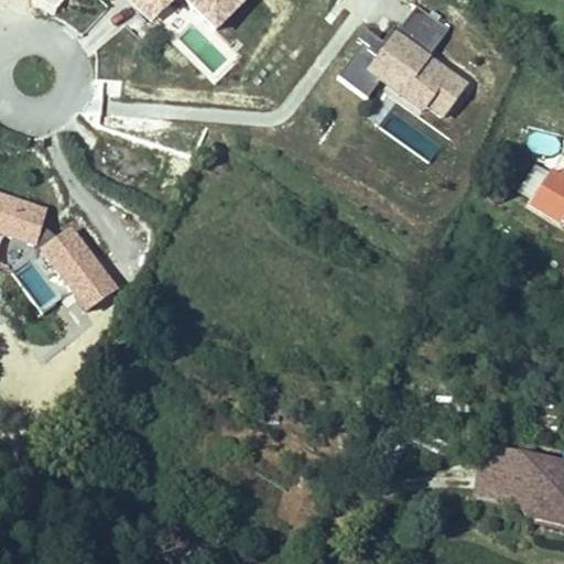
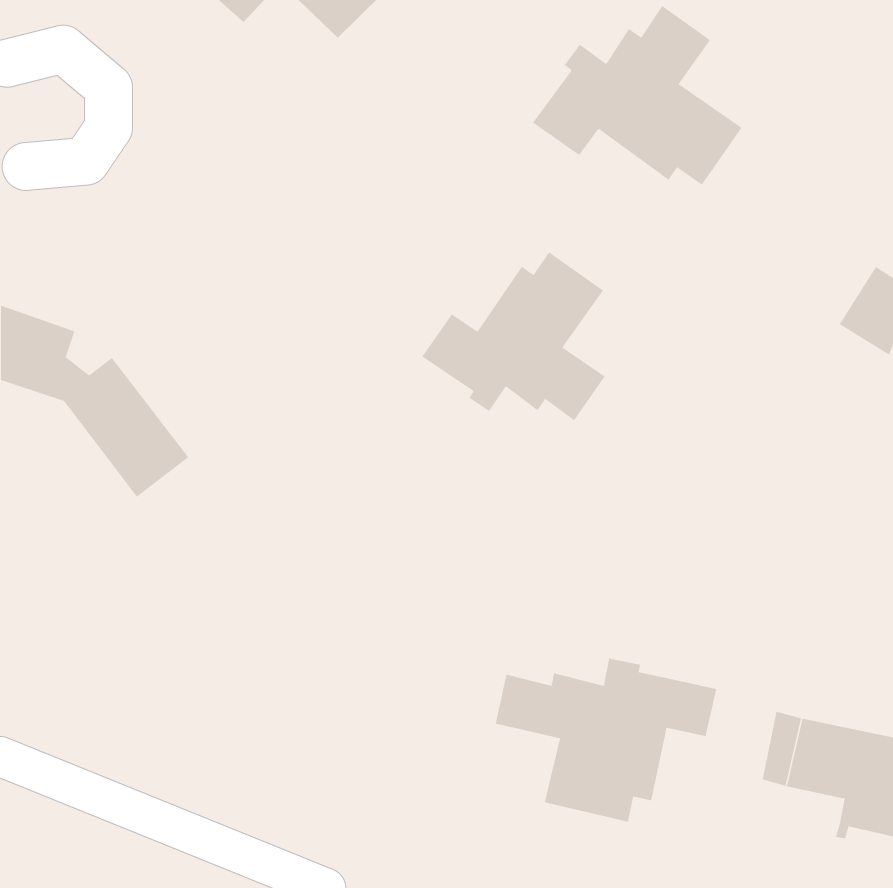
building: none -> [422,252,605,421]
building: none -> [495,658,717,822]

